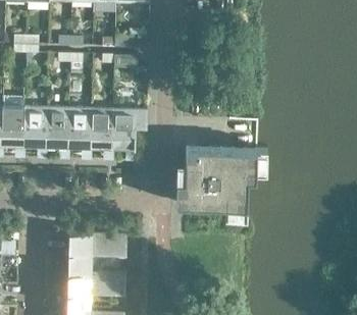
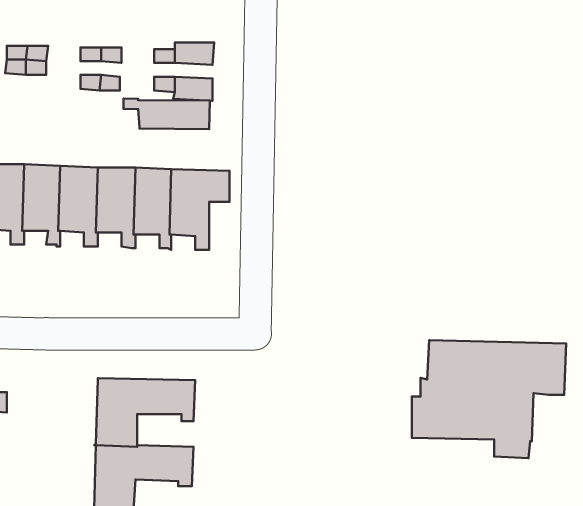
building: none -> [123,98,210,129]
building: [174,147,266,217] -> [412,340,566,458]

